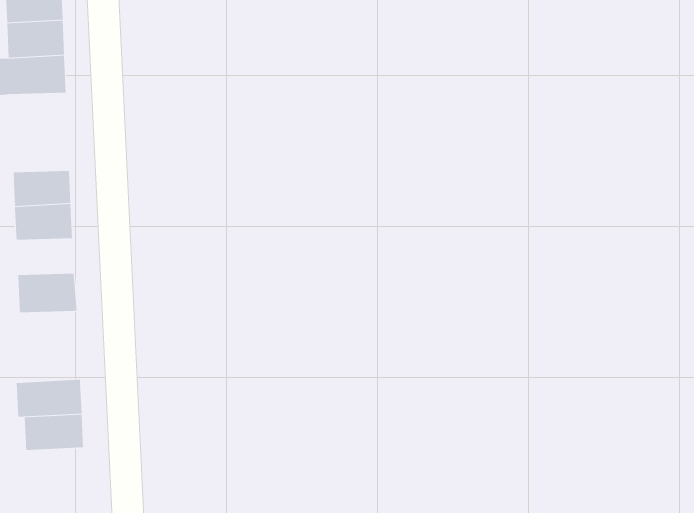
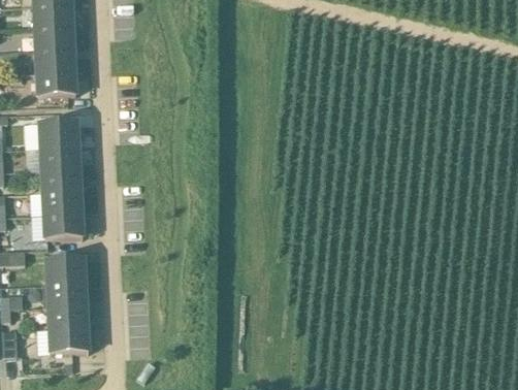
building: none -> [39,119,77,144]
building: none -> [42,188,80,212]
building: none -> [45,256,85,282]
building: none -> [48,324,88,351]

